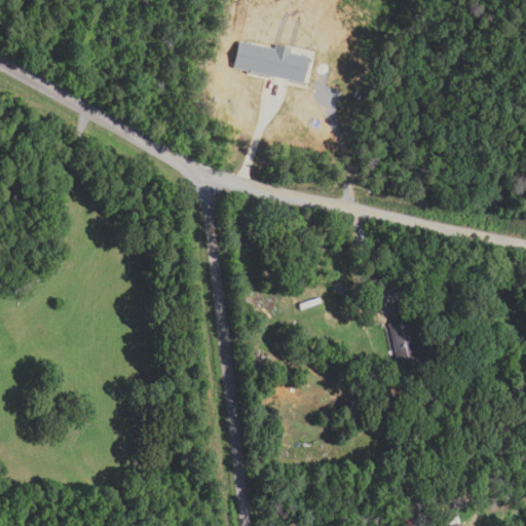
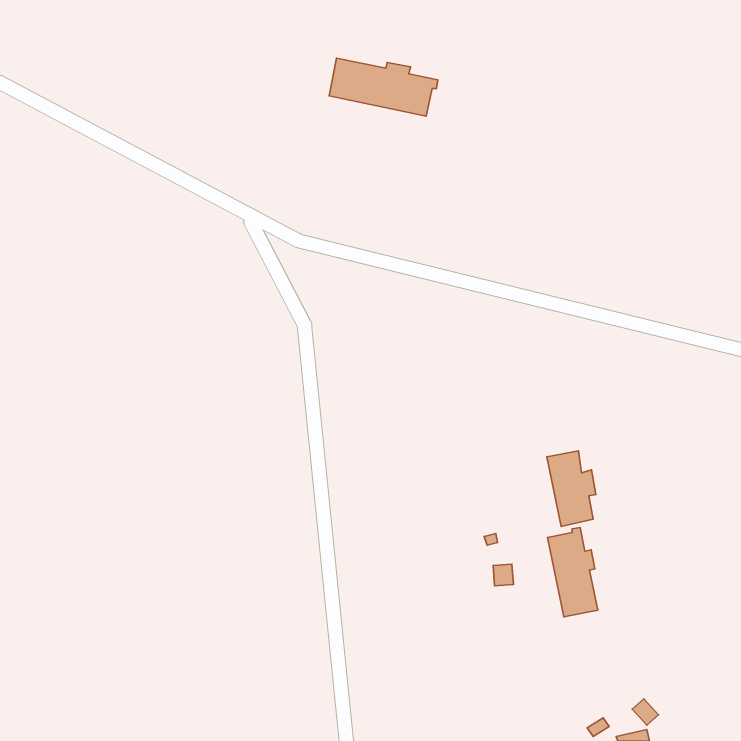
building: none -> [547,528,598,617]

